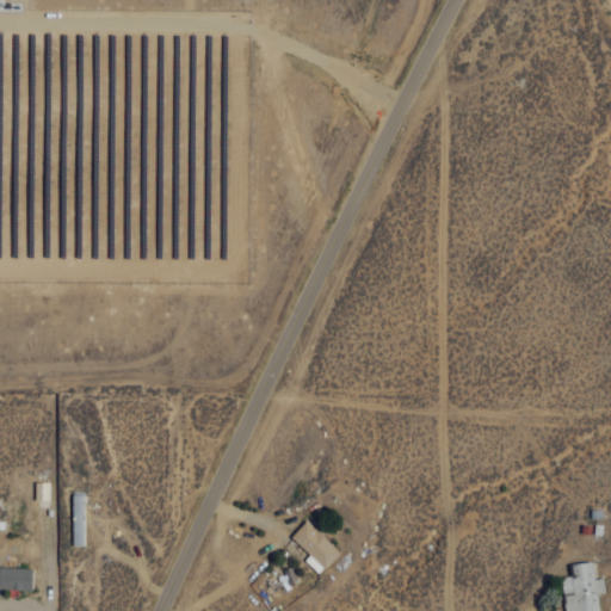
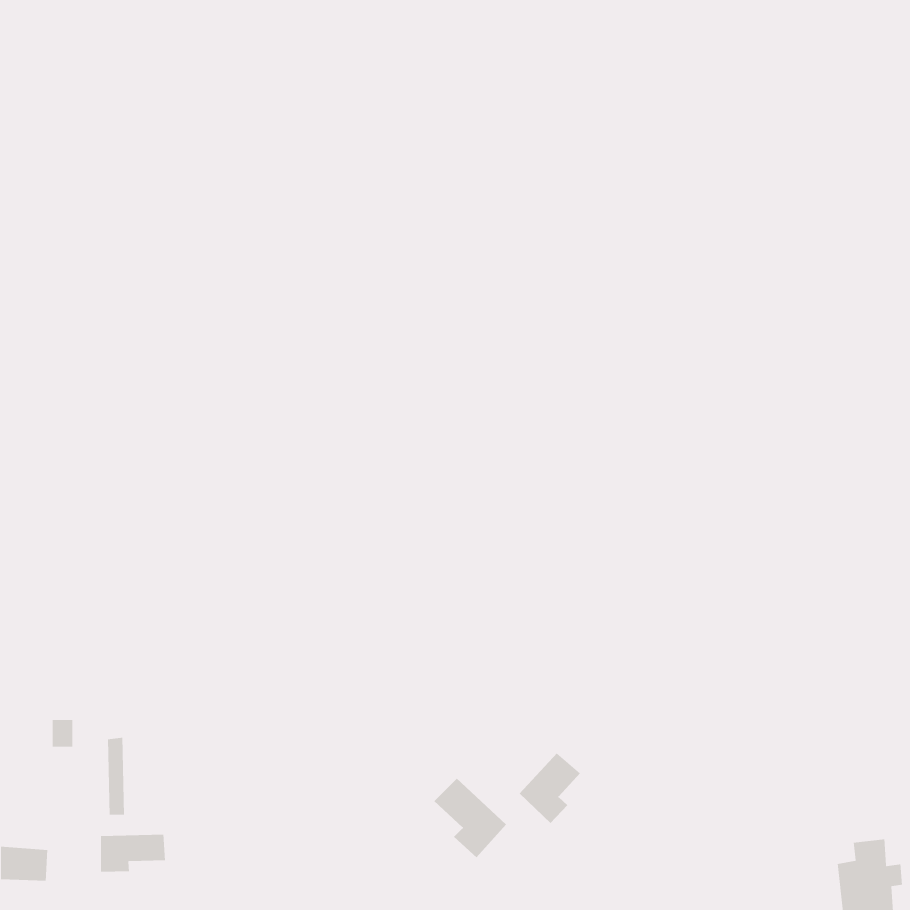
building: none -> [519,752,581,824]
building: none -> [100,834,166,873]

